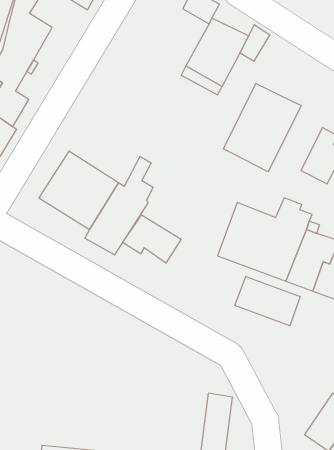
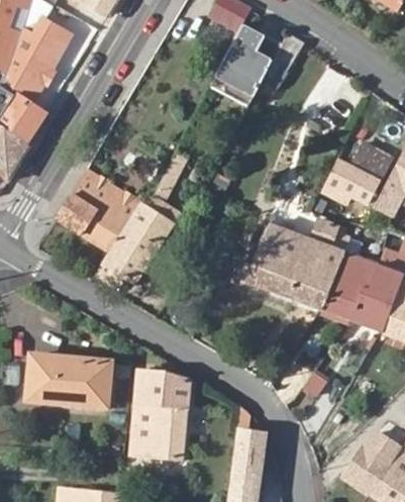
building: [224,83,301,172] -> none
building: [123,215,181,263] -> none
building: [235,276,300,326] -> none
building: none -> [27,356,110,405]
building: none -> [130,372,190,459]

